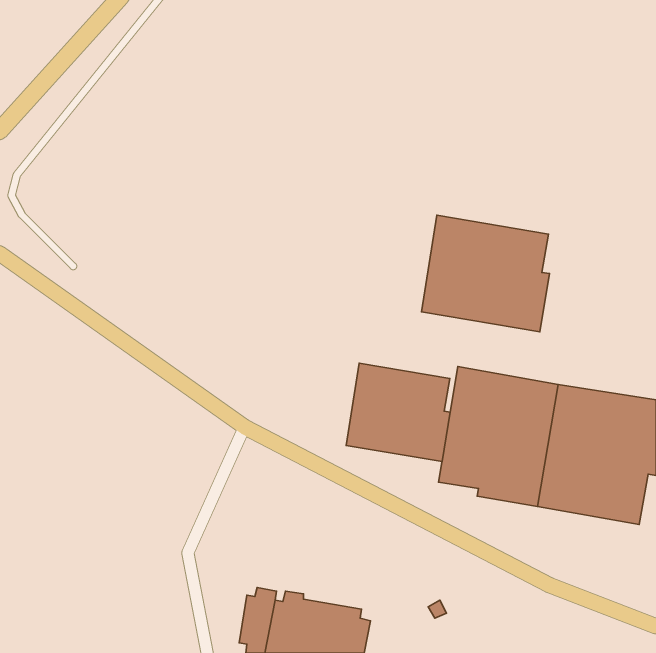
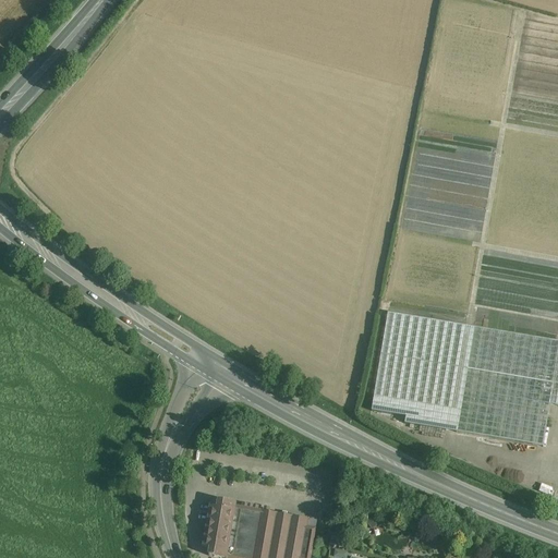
building: [422,215,549,332] -> none
building: [346,363,450,462] -> none

